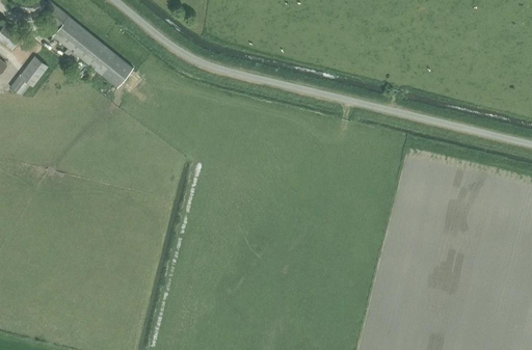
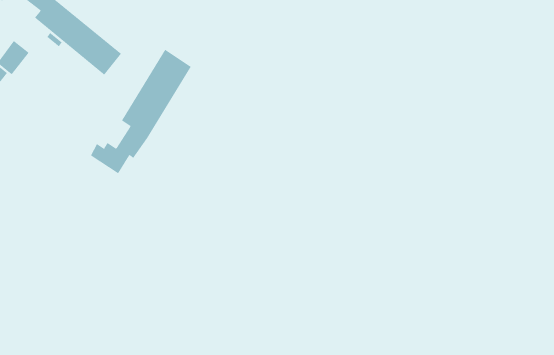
building: none -> [90,49,191,174]

